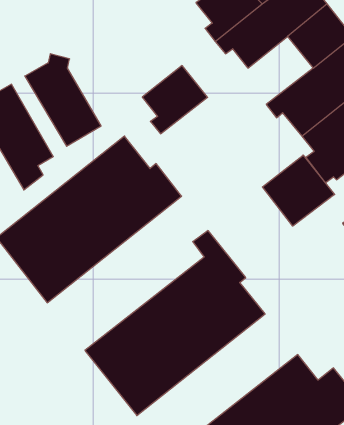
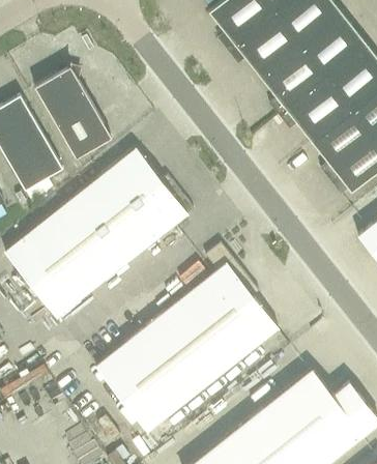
building: [142,66,208,134] -> [261,47,327,116]
building: [262,155,335,226] -> none

